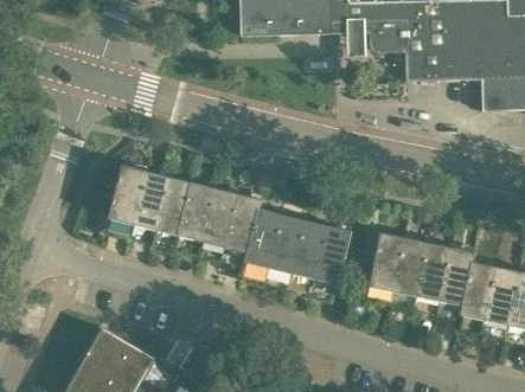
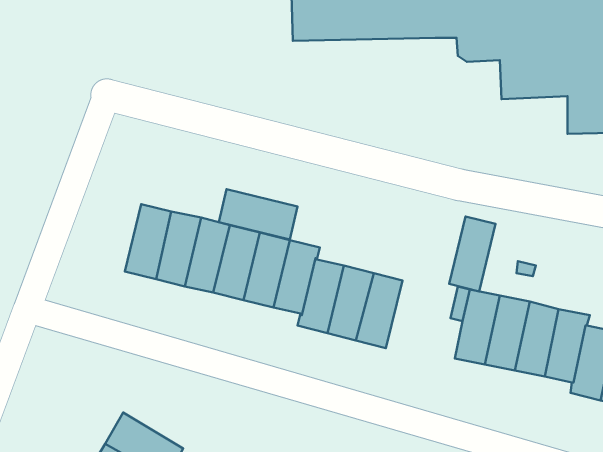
building: none -> [219,189,298,240]
building: [314,225,351,284] -> [449,216,496,291]

